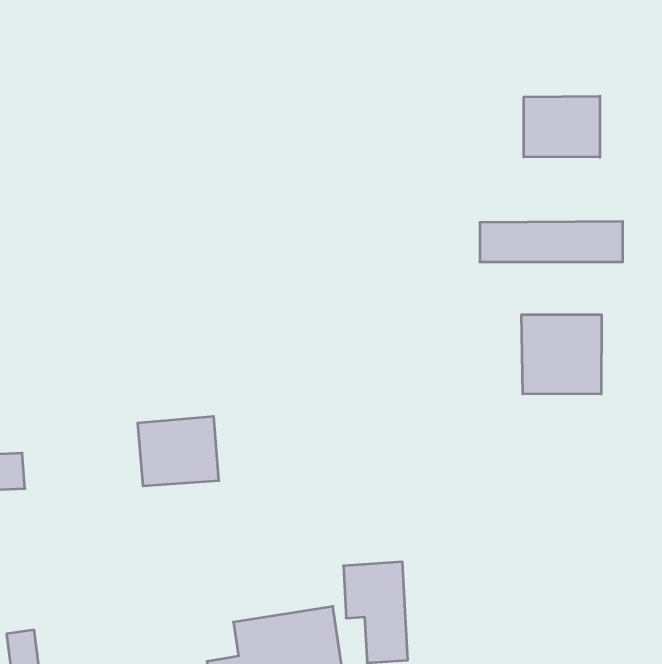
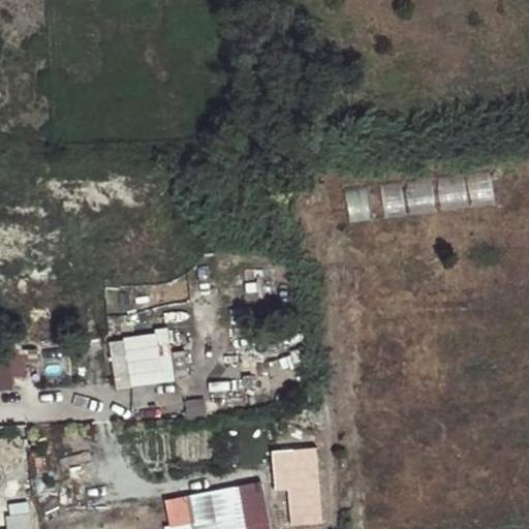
building: [524,96,600,157] -> none
building: [522,315,601,394] -> none

